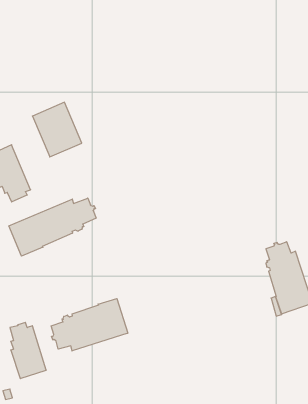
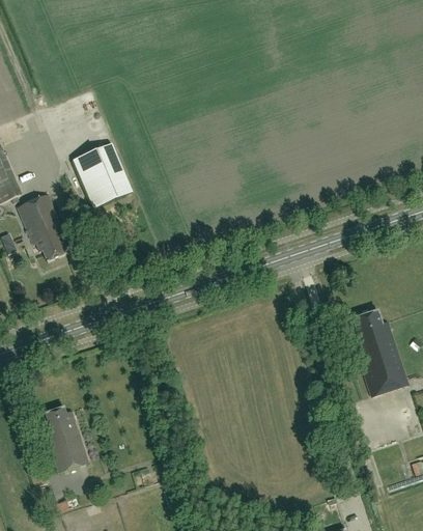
building: [9,198,96,256] -> none
building: [51,299,128,351] -> none

